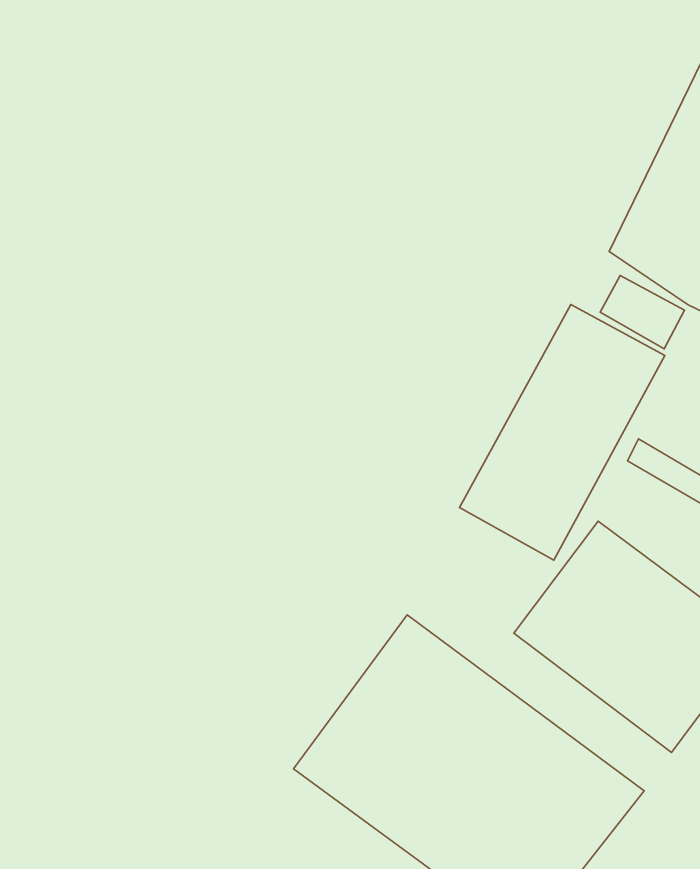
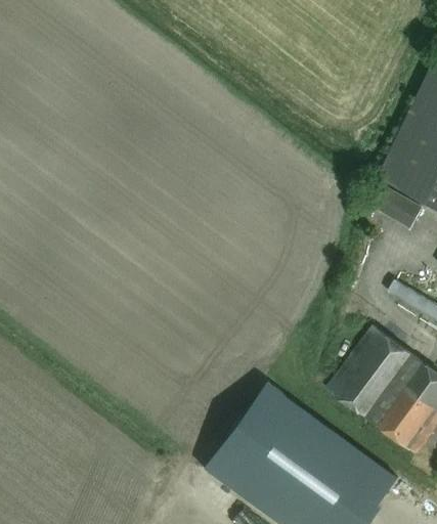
building: [460,305,665,560] -> none

